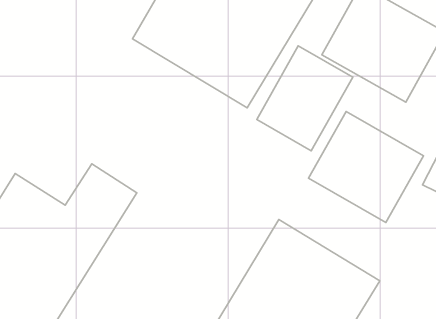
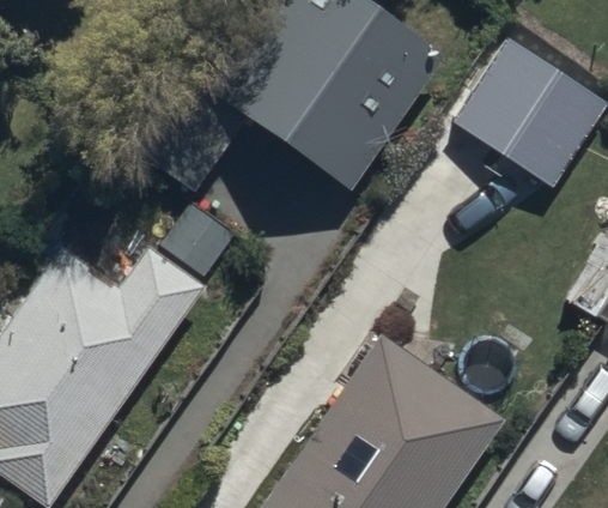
building: [257,46,353,151] -> none
building: [308,112,423,222] -> none

